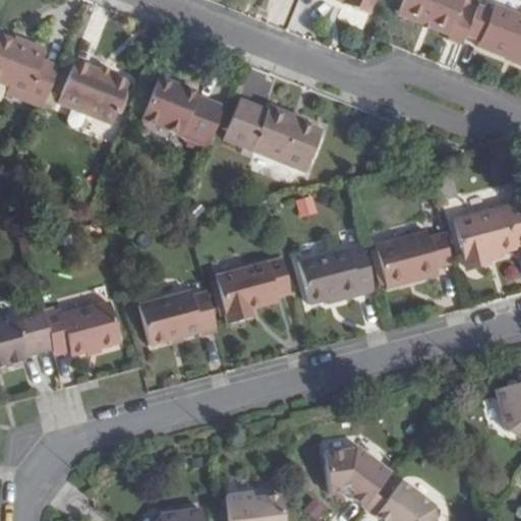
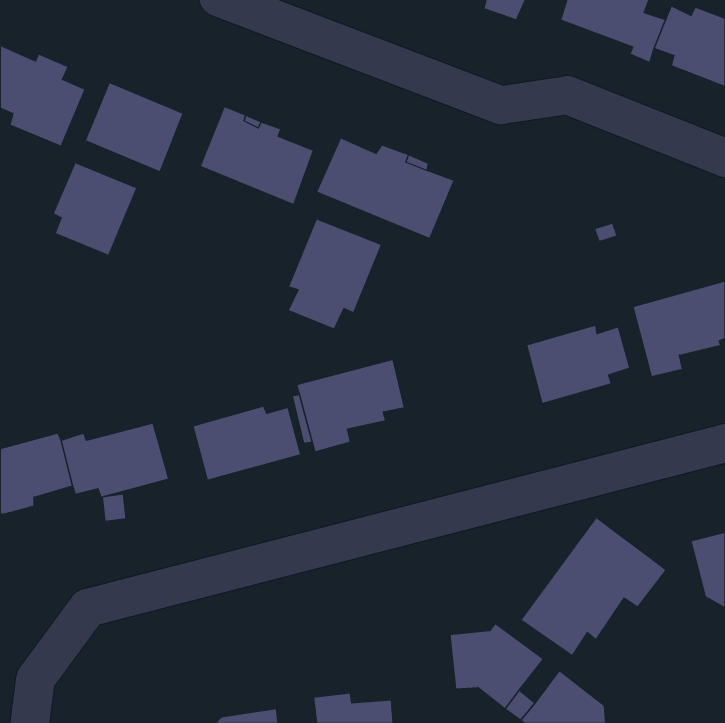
building: none -> [53,162,137,256]
building: none -> [288,219,381,329]
building: [297,243,374,303] -> none
building: none -> [521,517,666,656]

